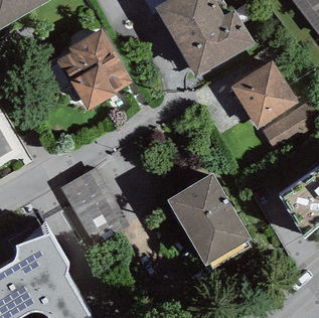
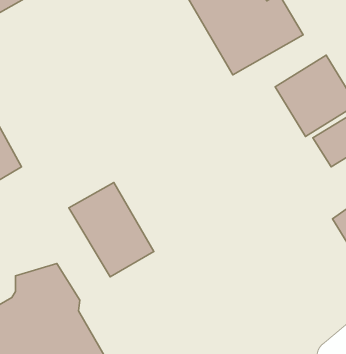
building: [54,27,132,110] -> none
building: [165,173,250,266] -> none

